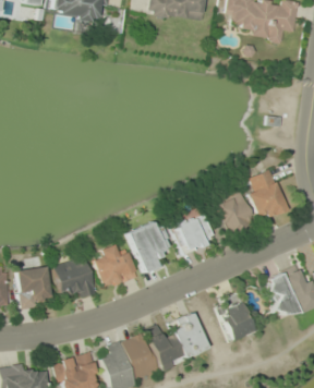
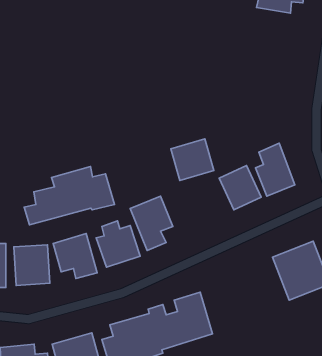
building: none -> [24,166,114,225]
building: [172,213,214,253] -> [171,139,214,181]
building: [218,294,254,341] -> none

